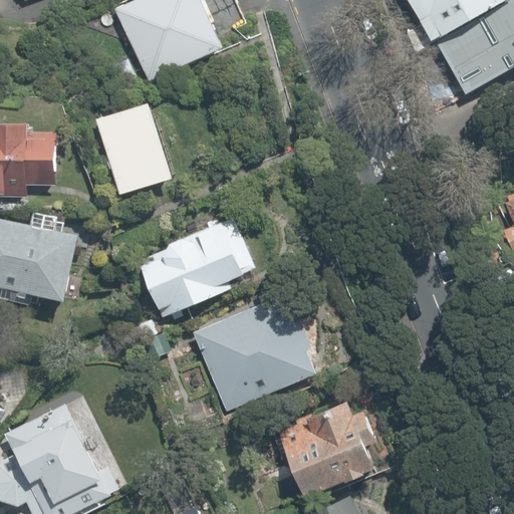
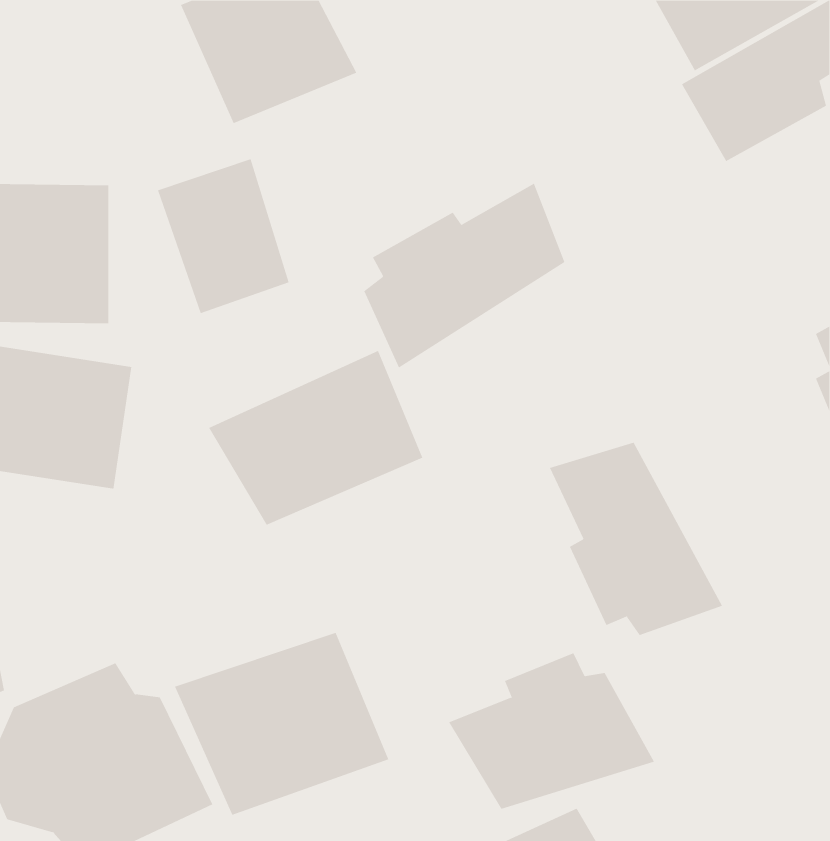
building: none -> [363,183,565,368]
building: none -> [549,442,723,636]
building: [189,299,319,411] -> [174,632,389,816]

